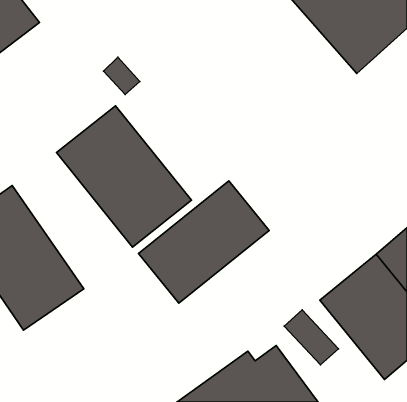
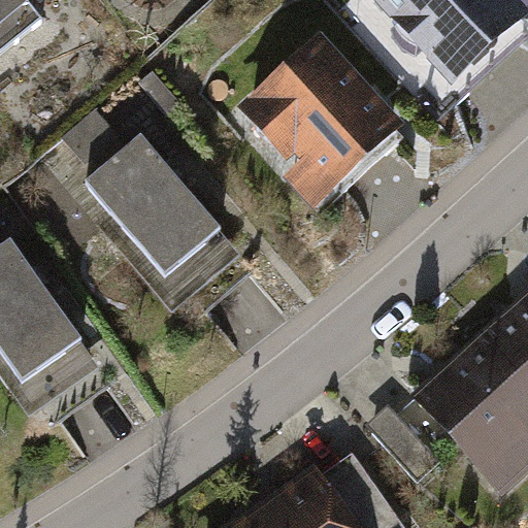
building: none -> [231,44,408,210]
building: [138,181,269,303] -> none

